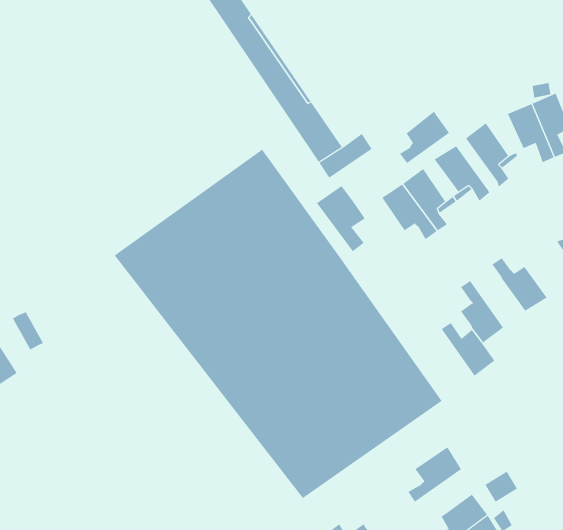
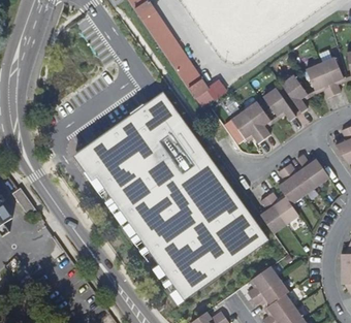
building: [399,111,450,164] -> none
building: [316,185,366,252] -> none
building: none -> [284,163,316,195]
building: none -> [260,196,286,233]
building: none -> [251,279,288,304]

